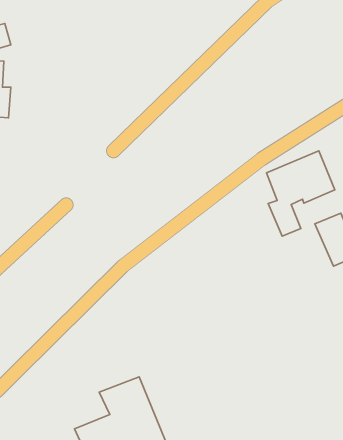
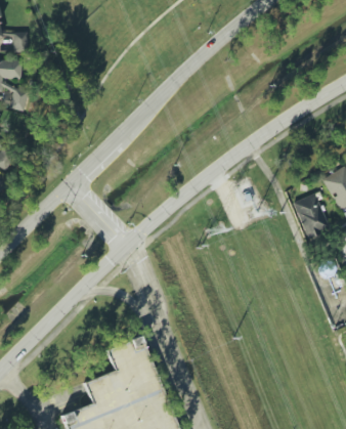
building: [266,151,335,236] -> none

